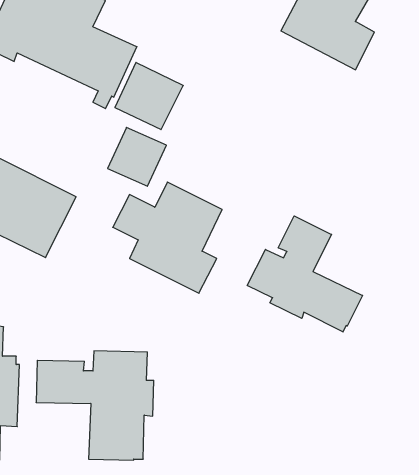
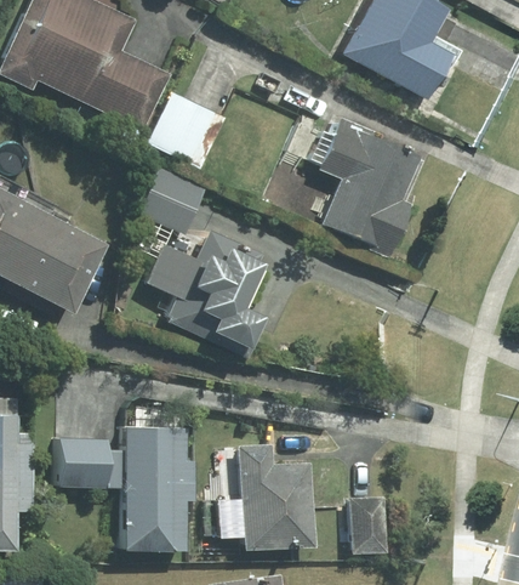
building: none -> [316,118,421,256]
building: [247,216,363,332] -> none
building: none -> [236,442,314,549]
building: none -> [350,494,387,551]

